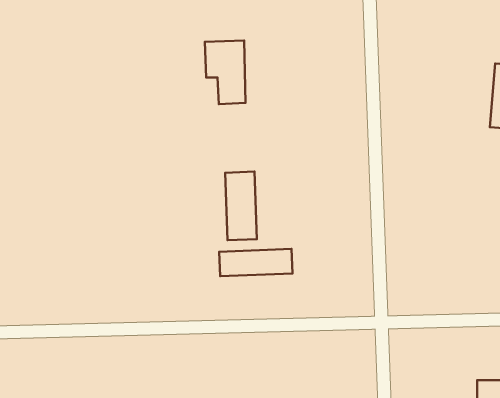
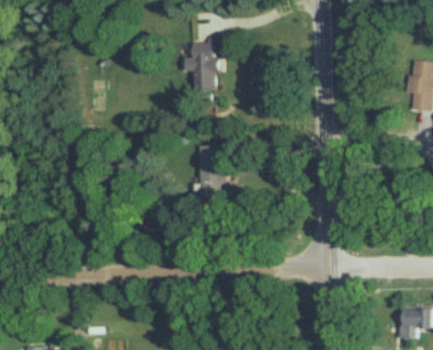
building: [219,249,292,276] -> none

